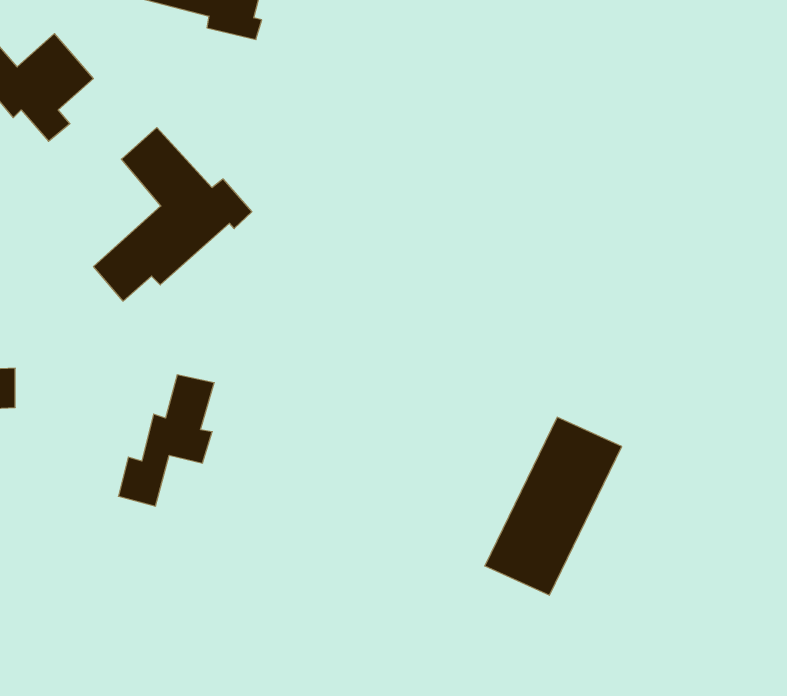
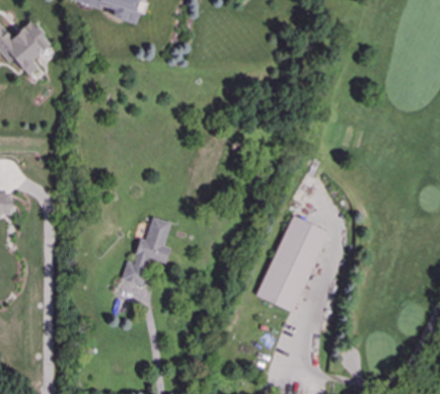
building: [94,128,252,301] -> none
building: [118,375,214,506] -> [123,218,172,286]

